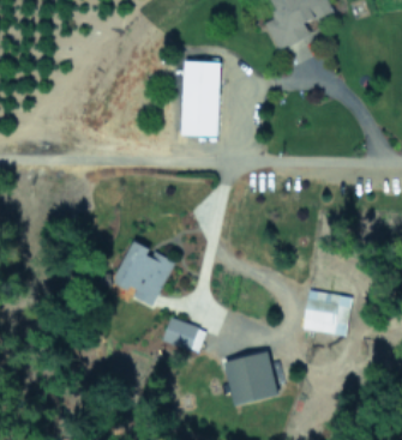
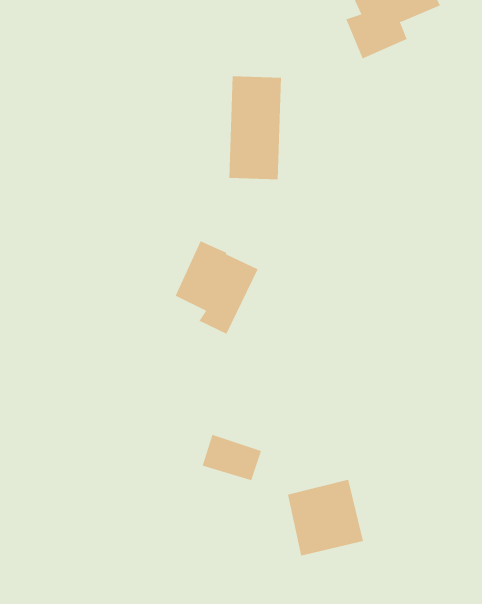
building: [114,240,174,307] -> [175,241,259,334]
building: [302,290,350,334] -> none

